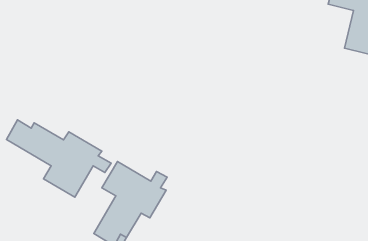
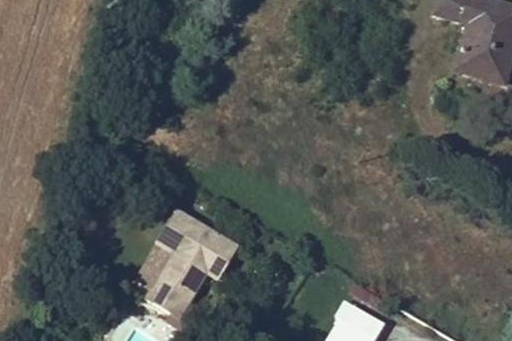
building: [7,120,111,197] -> none

